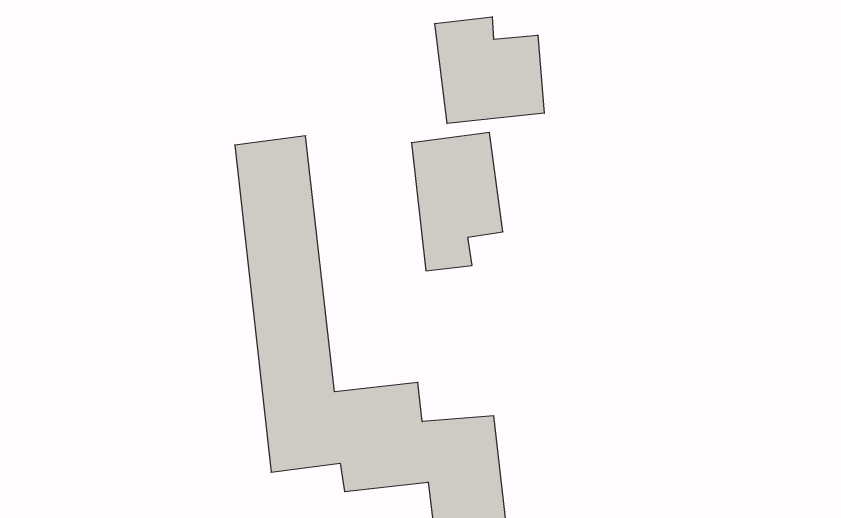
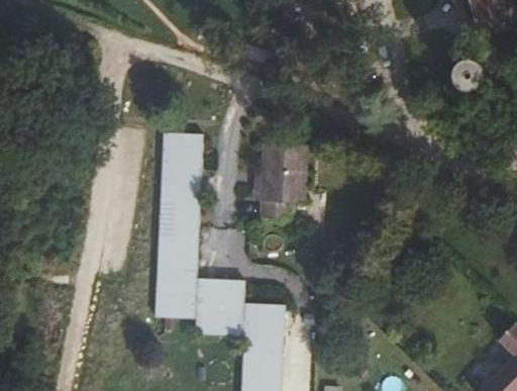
building: [435,17,544,124] -> none

